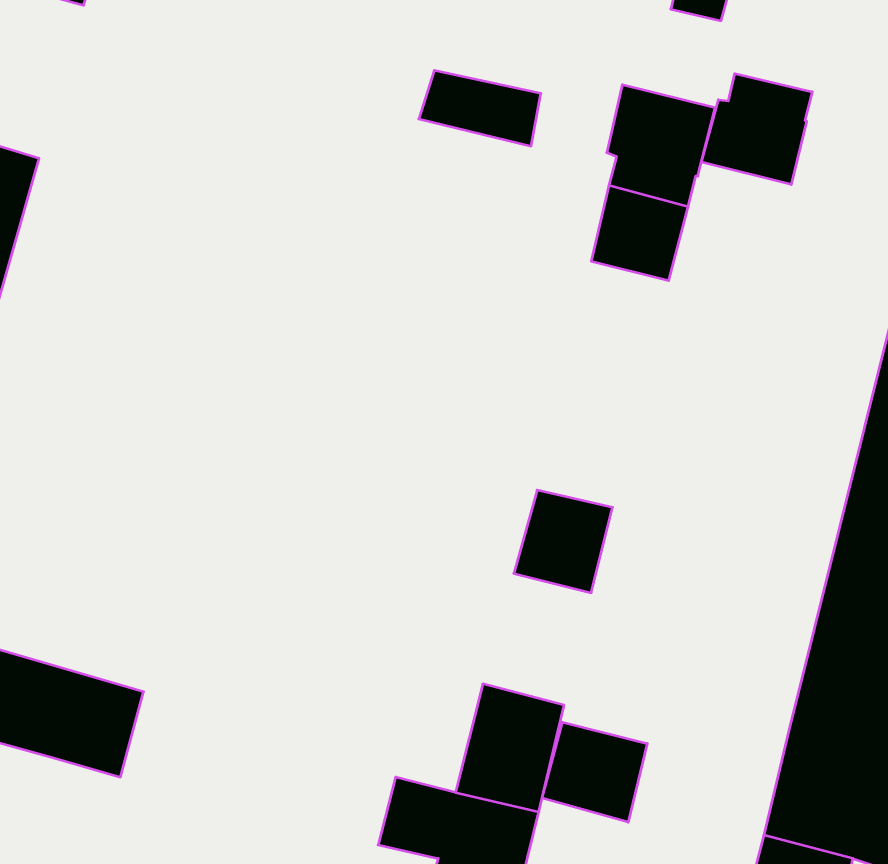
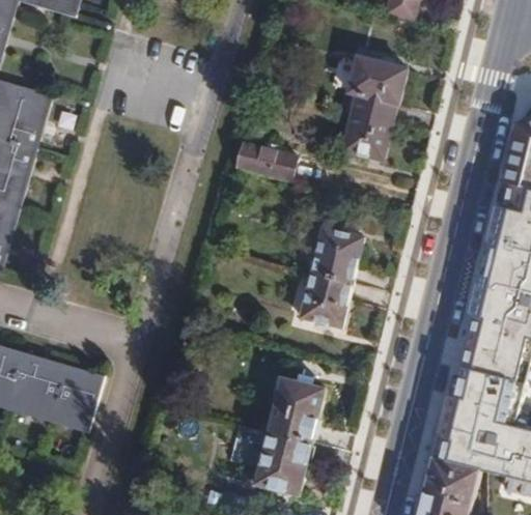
building: [419,70,541,146] -> [233,141,299,181]
building: [701,74,812,185] -> none
building: none -> [312,225,364,281]
building: [542,722,647,822] -> none

